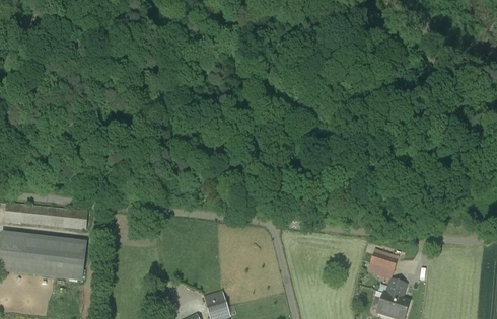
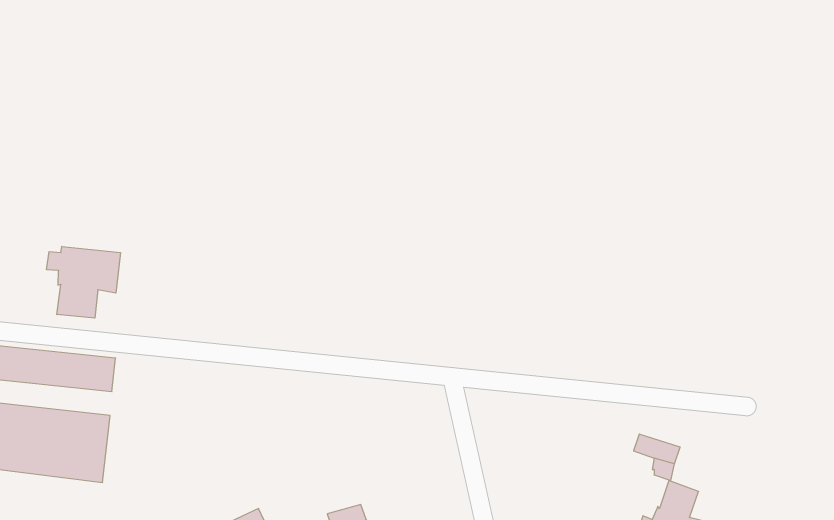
building: none -> [47,246,120,318]

